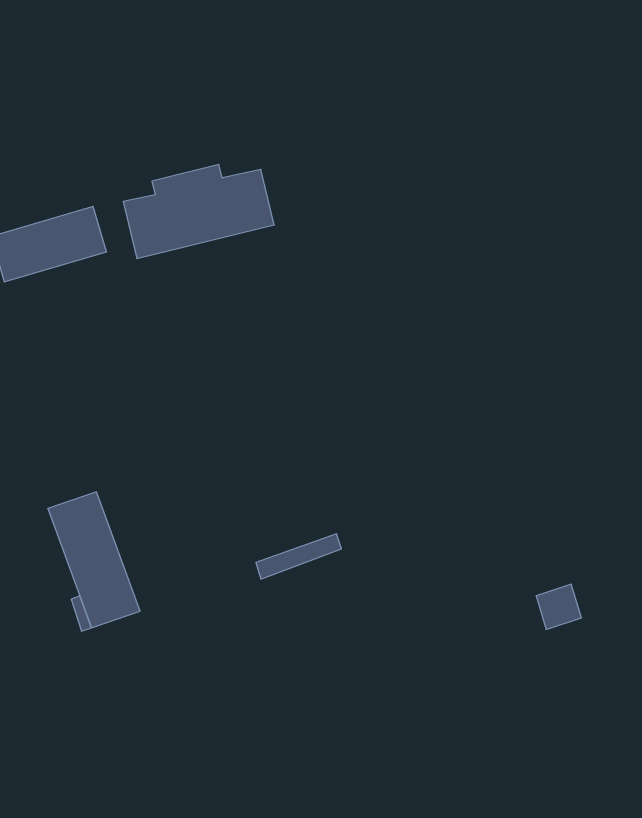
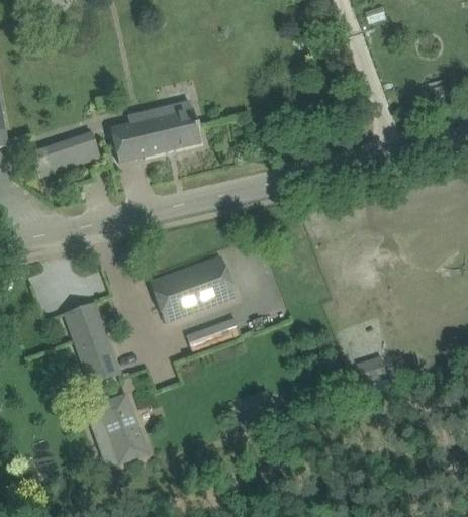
building: none -> [150,256,235,322]
building: none -> [83,393,148,463]

